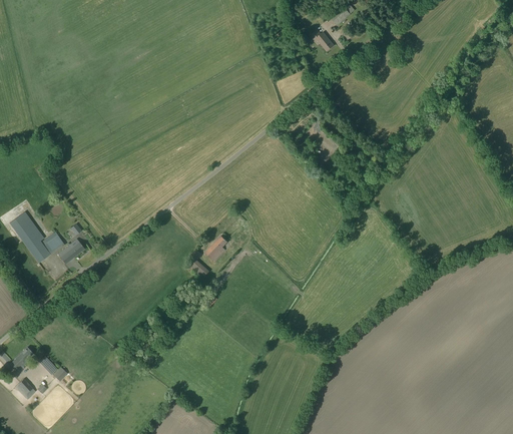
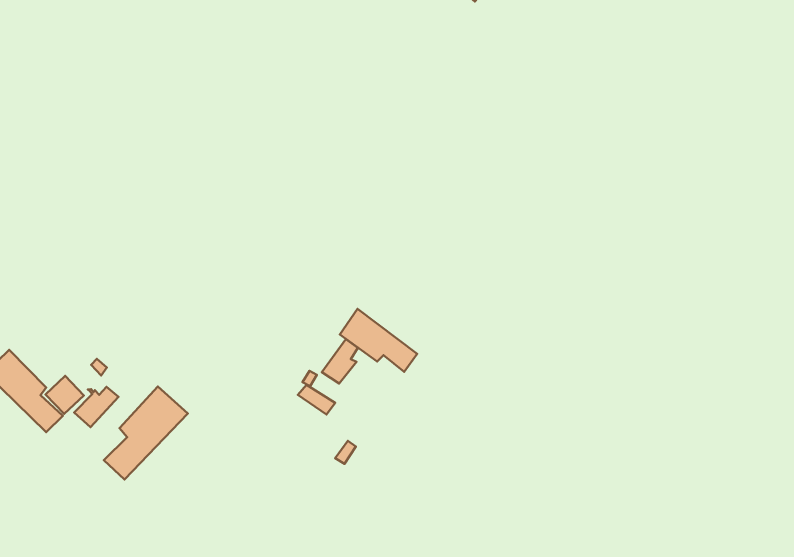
building: none -> [340,309,417,372]
building: none -> [104,387,188,479]

